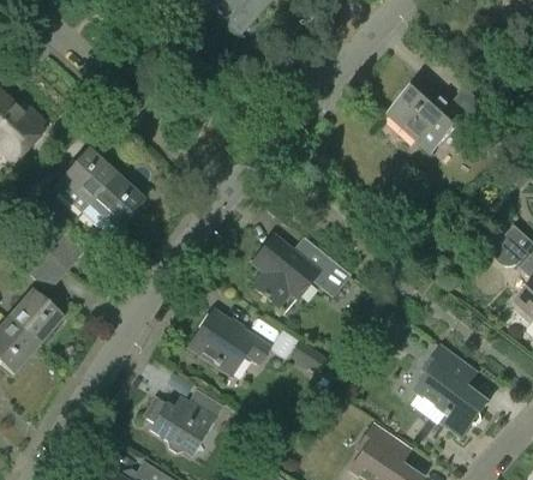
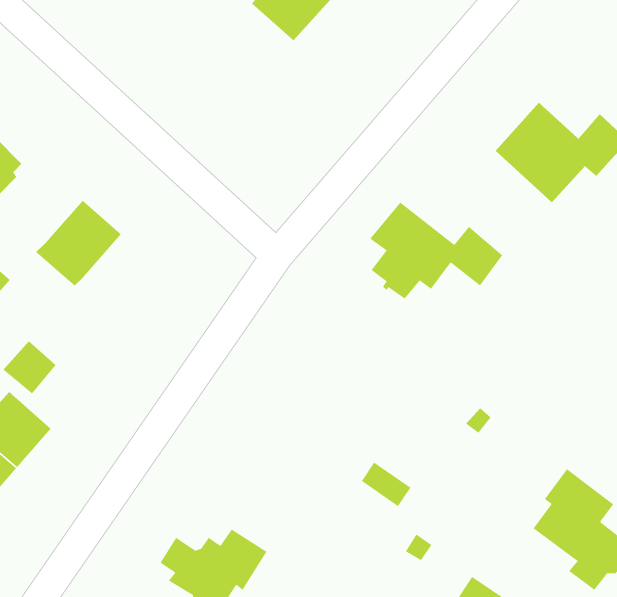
building: [80,174,144,232] -> none
building: [47,233,84,270] -> none
building: [251,235,349,307] -> [369,201,503,299]
building: [188,311,268,374] -> none

